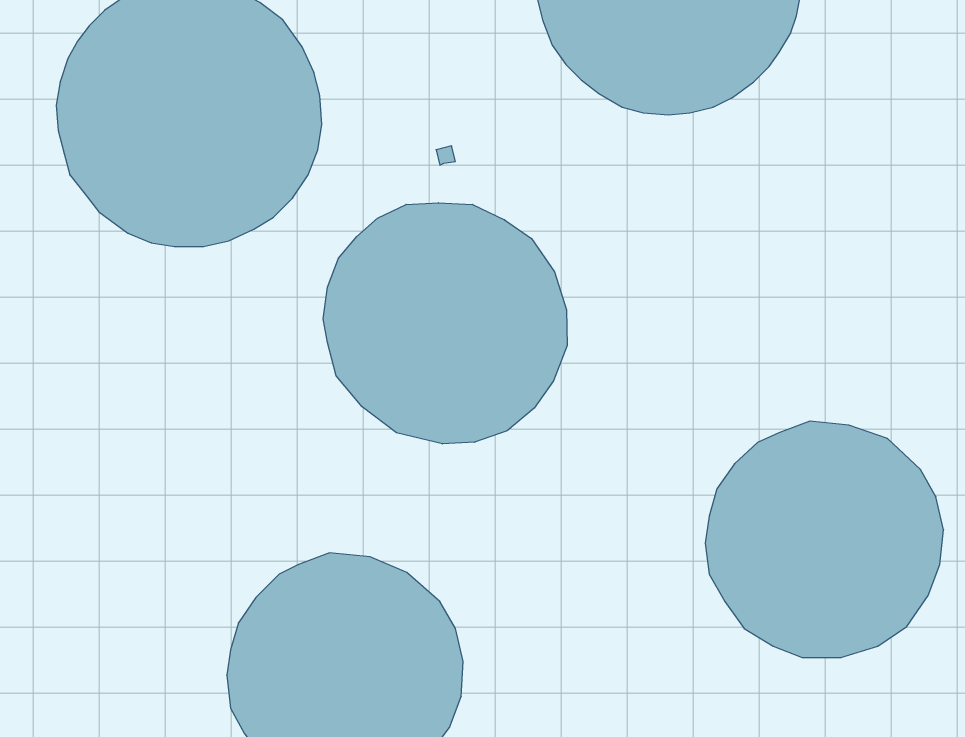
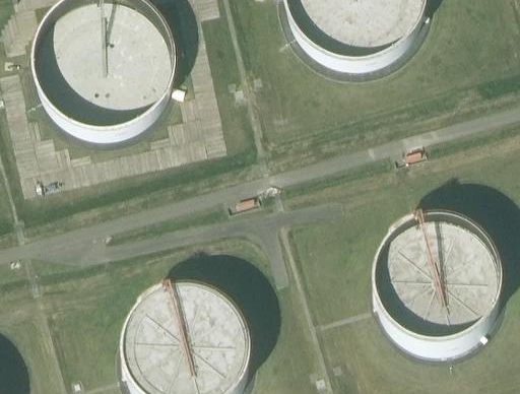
building: [323,203,567,444] -> none

